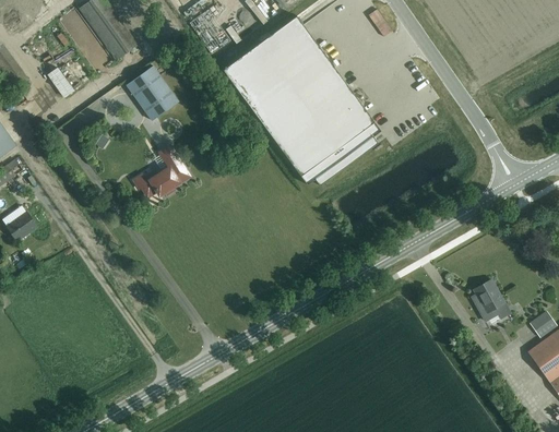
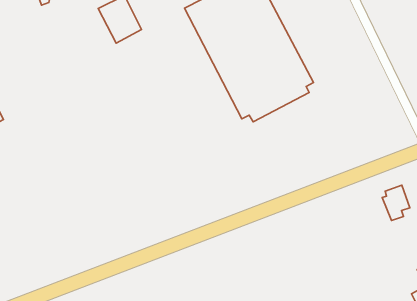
building: [138,147,188,196] -> none
building: [471,279,503,321] -> [382,185,410,220]

